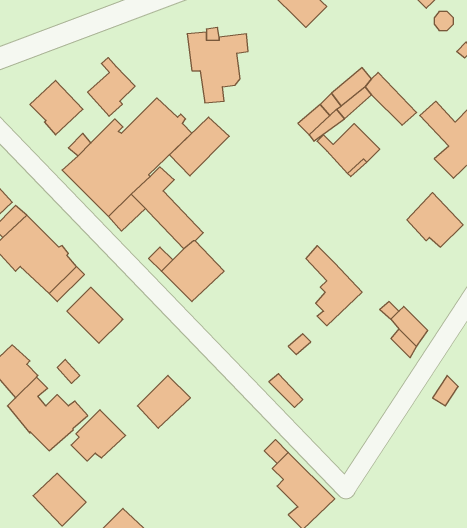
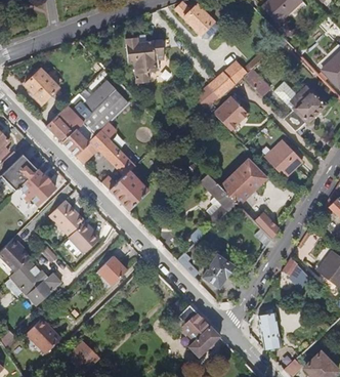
building: [88,58,135,116] -> none
building: [170,117,229,176] -> none
building: none -> [220,159,267,205]
building: none -> [203,254,235,288]
building: [71,410,126,461] -> [66,222,100,255]
building: none -> [260,310,281,349]

